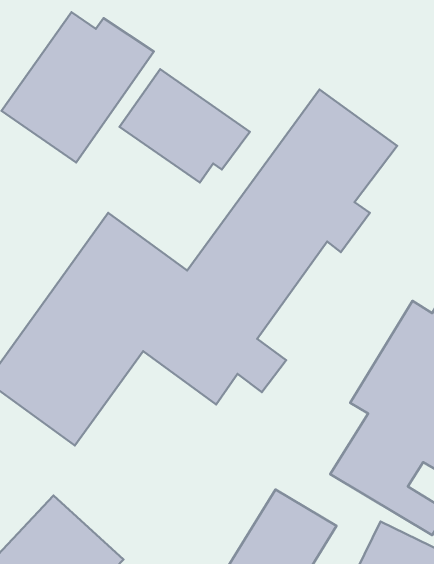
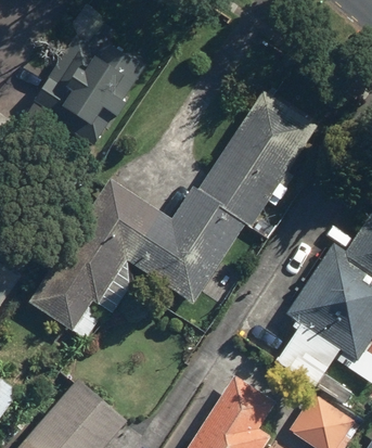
building: [119,69,250,182] -> none

